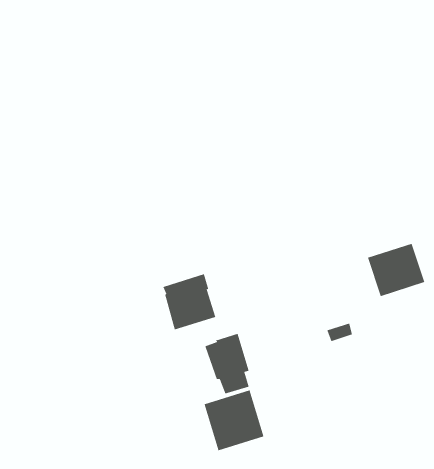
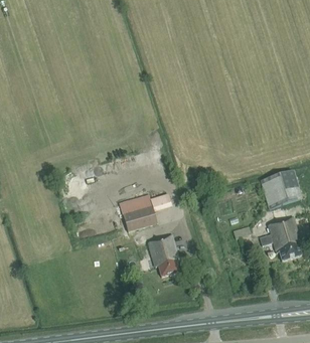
building: none -> [261,215,302,260]
building: [204,390,264,451] -> none

